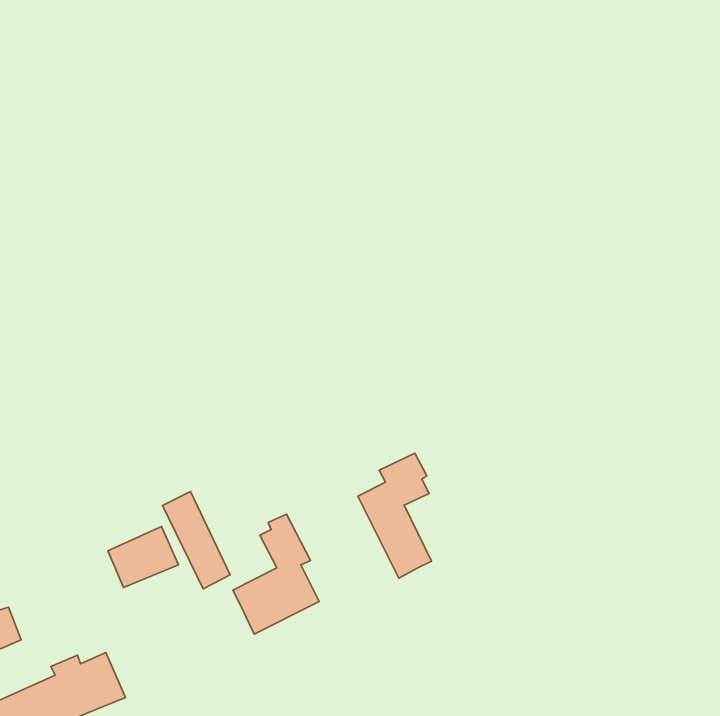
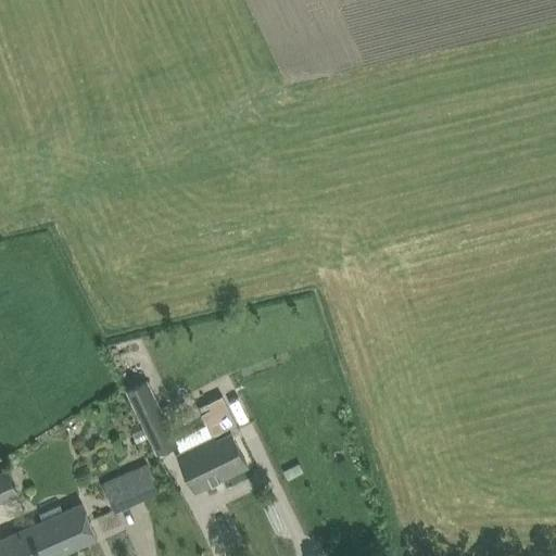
building: [358,453,431,578] -> none
building: [108,527,178,587] -> [102,466,156,513]

